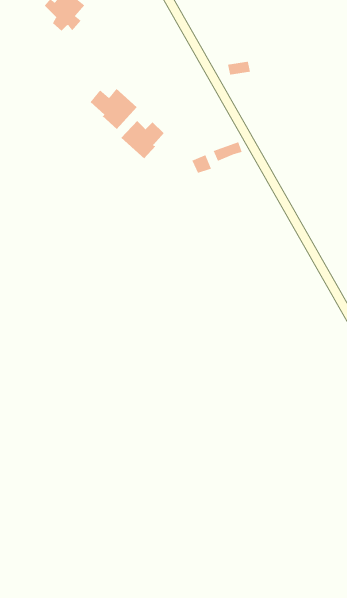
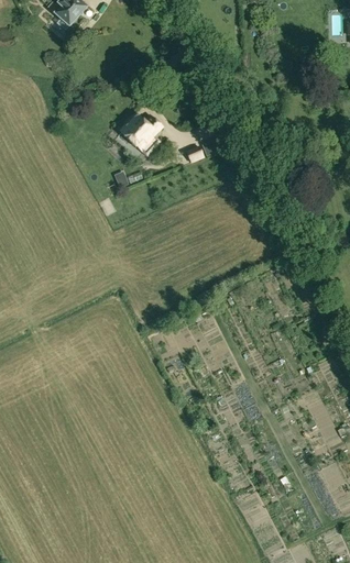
building: [90,88,138,130] -> none

